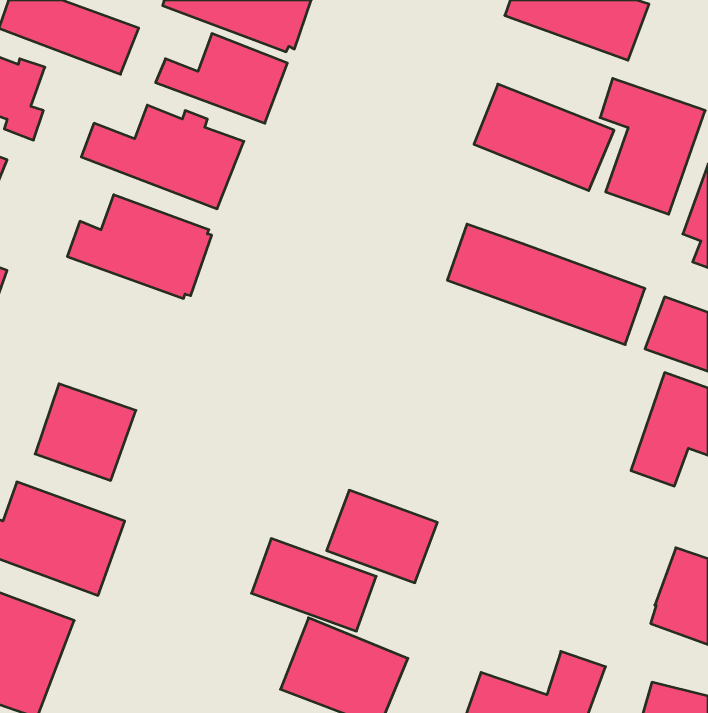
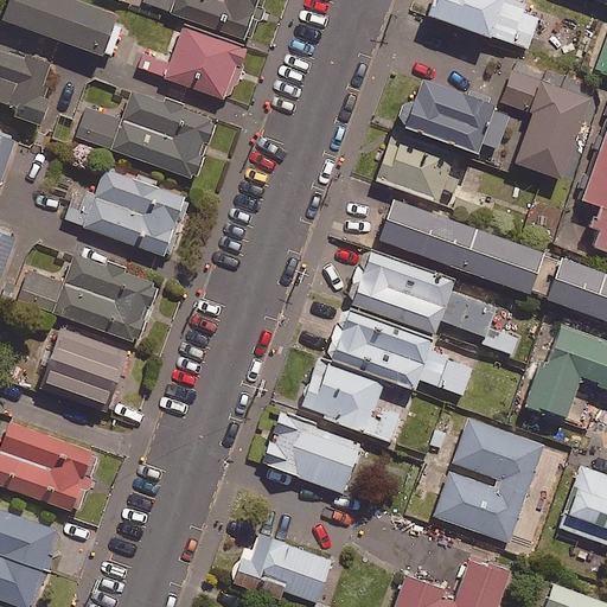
building: none -> [370,135,459,209]
building: none -> [353,244,507,343]
building: none -> [8,254,148,343]
building: none -> [334,307,484,396]
building: none -> [439,415,551,541]
building: [251,539,376,631] -> [306,360,411,439]

